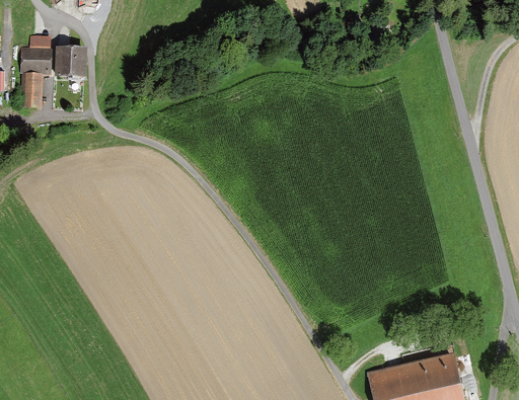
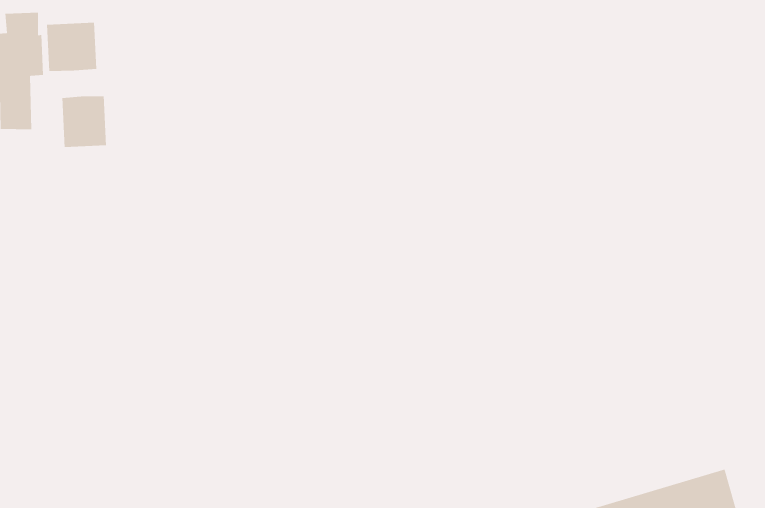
building: none -> [62,96,107,148]

